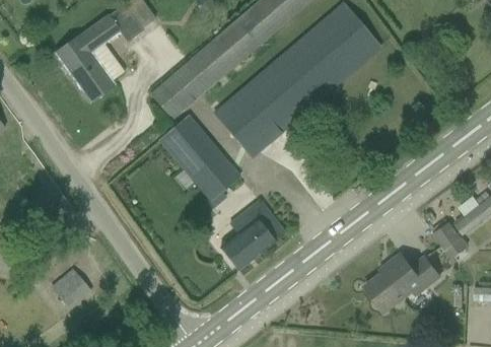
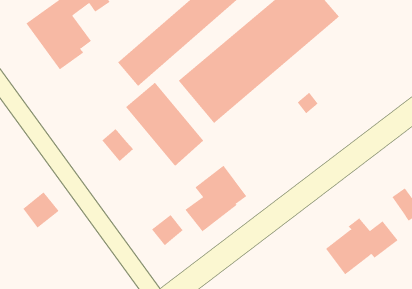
building: none -> [102,128,134,162]
building: none -> [151,214,183,246]
building: [54,271,92,309] -> [22,191,59,228]

